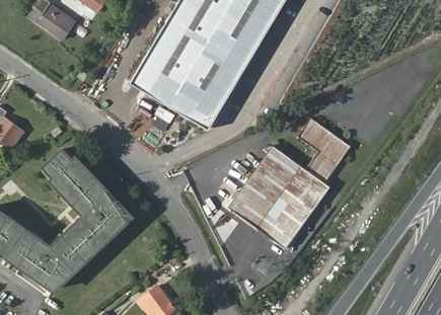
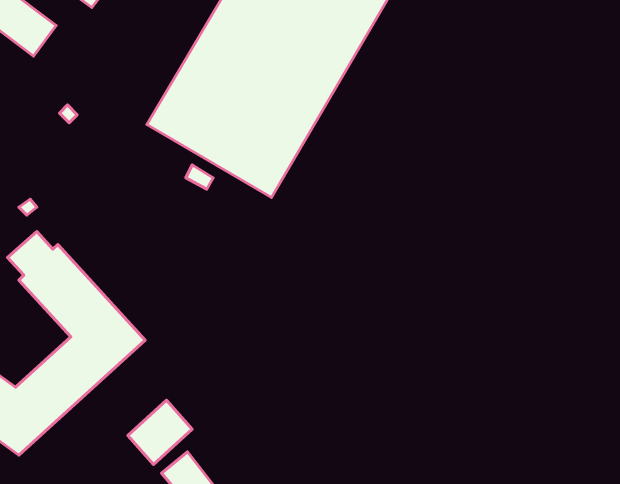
building: [229,119,353,249] -> none
building: none -> [128,400,192,464]

